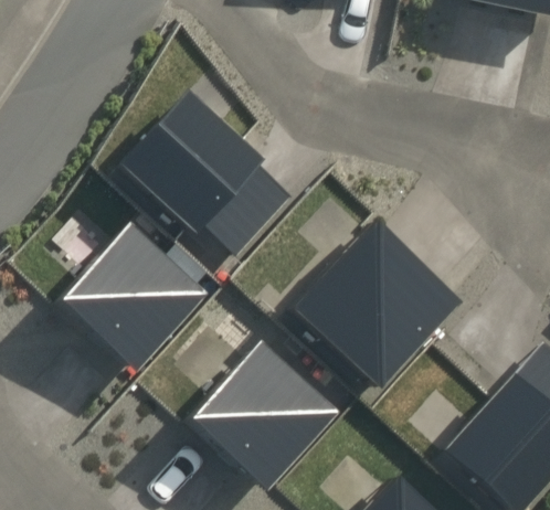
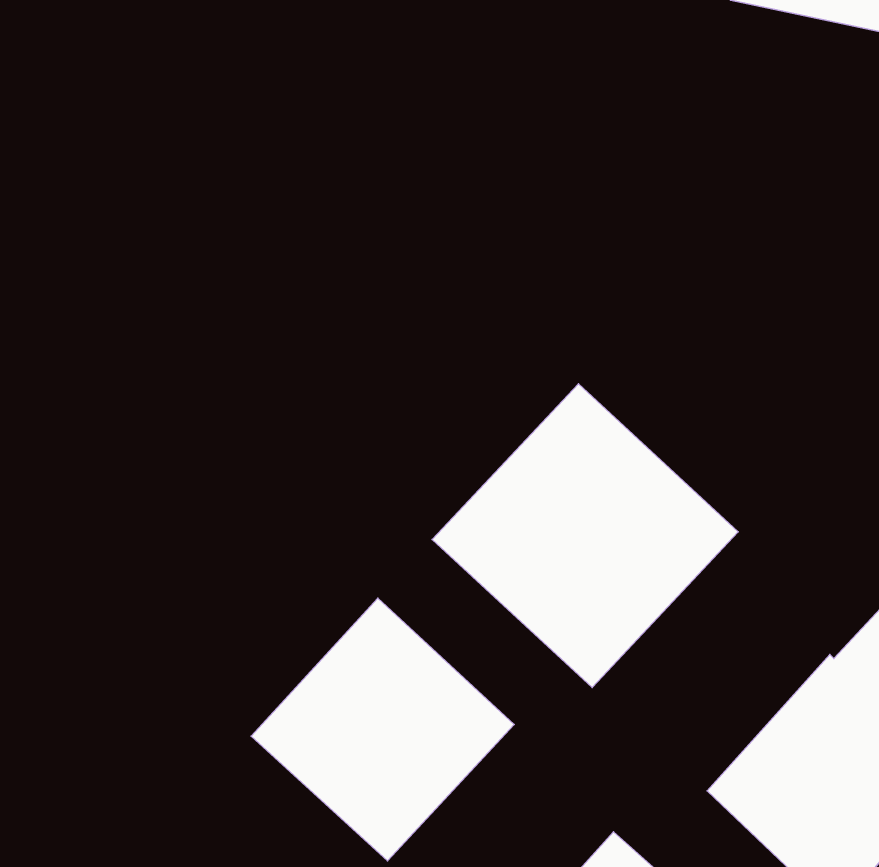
building: [120,91,268,237] -> none
building: [61,220,211,366] -> none

